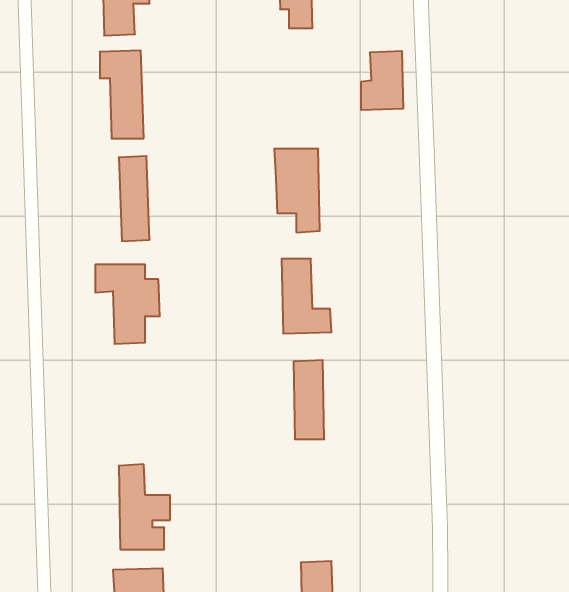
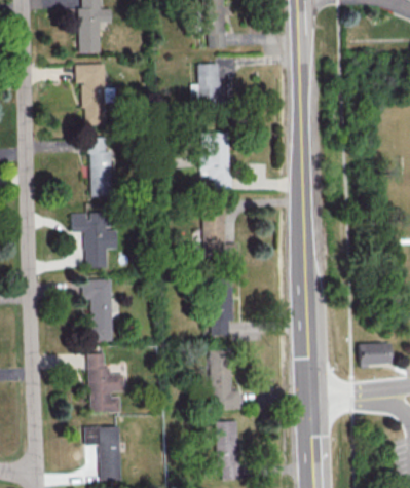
building: [361,51,403,110] -> [191,63,221,104]
building: none -> [83,279,113,341]
building: none -> [359,344,392,370]
building: none -> [211,348,241,409]

